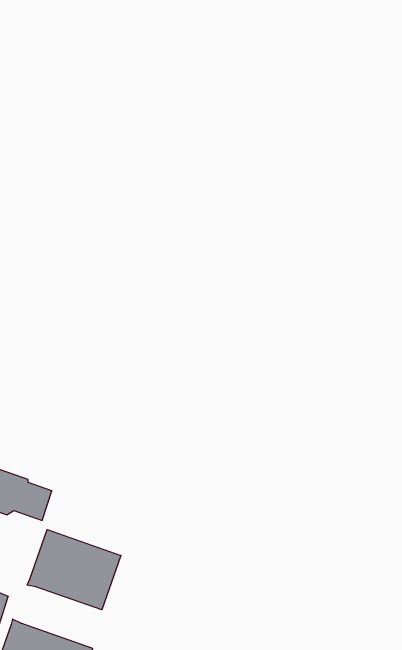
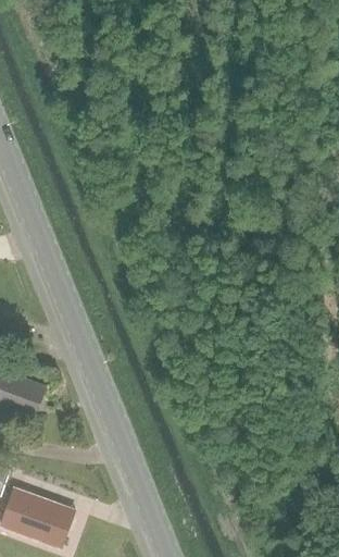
building: [27,530,121,610] -> none

